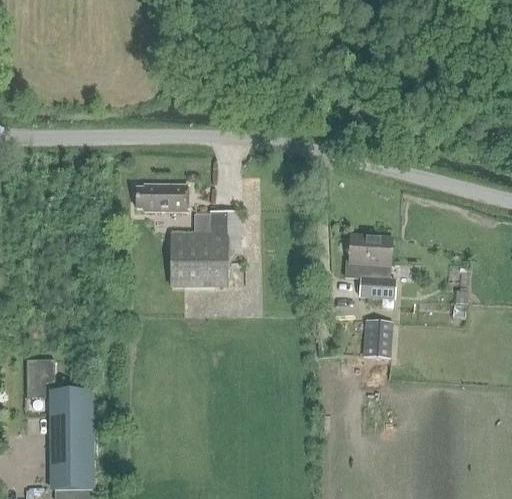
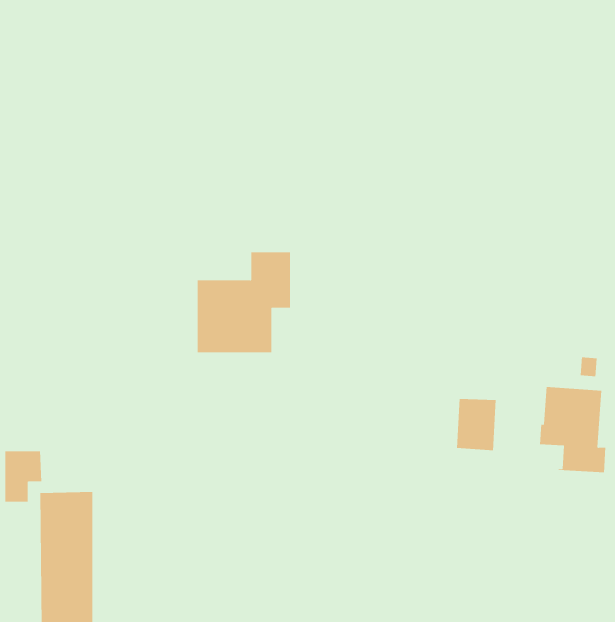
building: [135,184,187,211] -> none
building: [344,234,394,298] -> [539,387,606,473]

